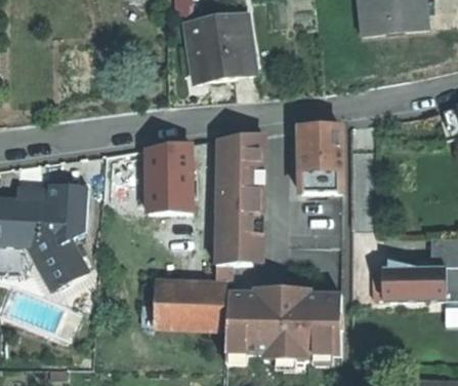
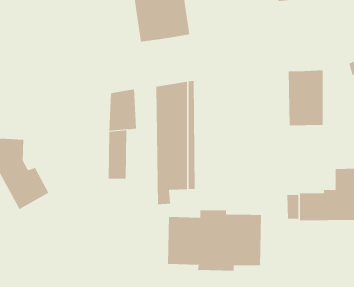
building: [298,123,341,191] -> [288,70,324,126]
building: [48,182,89,238] -> none
building: [154,283,225,326] -> none

